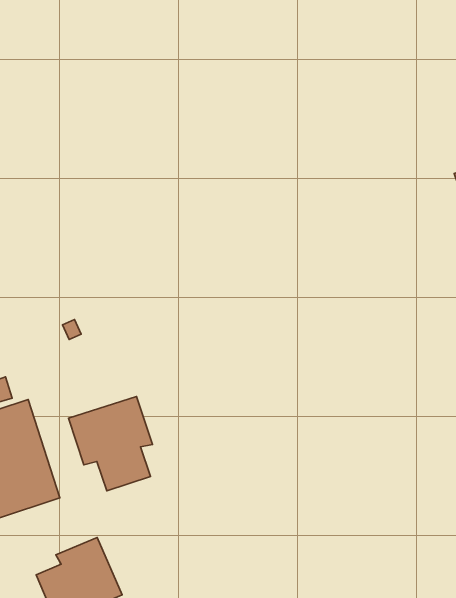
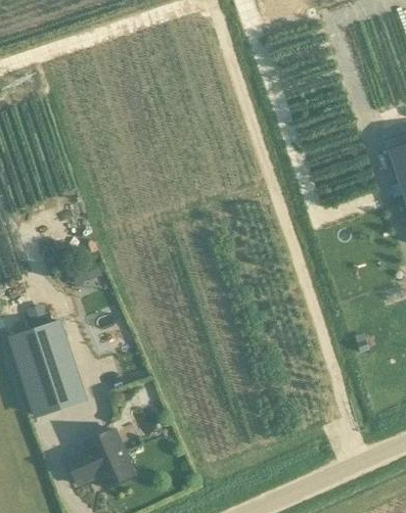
building: [69,397,153,491] -> none

